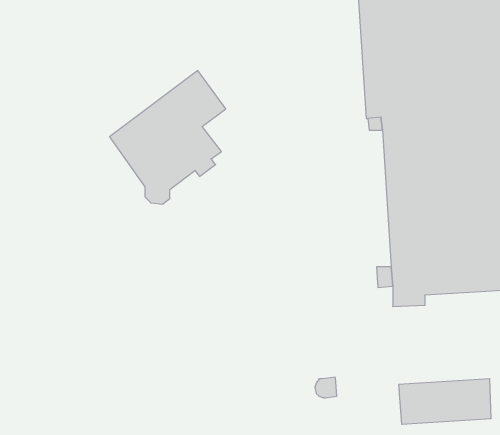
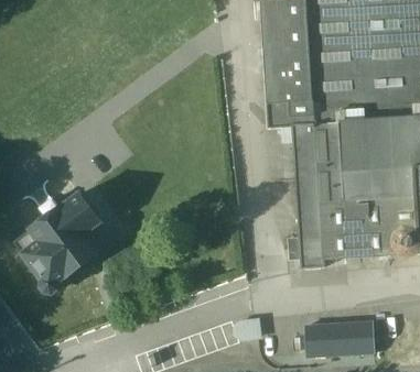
building: [110,71,226,204] -> [14,192,101,292]

